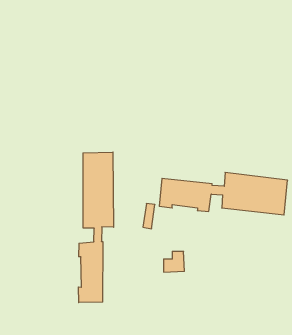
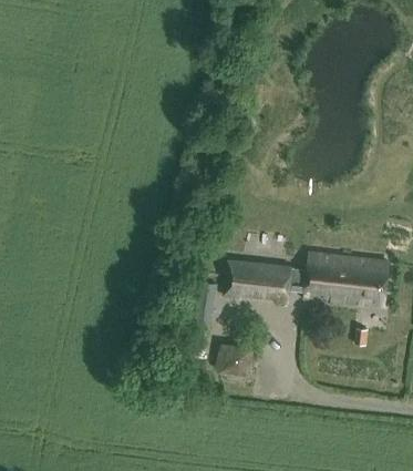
building: [79,152,114,303] -> none

